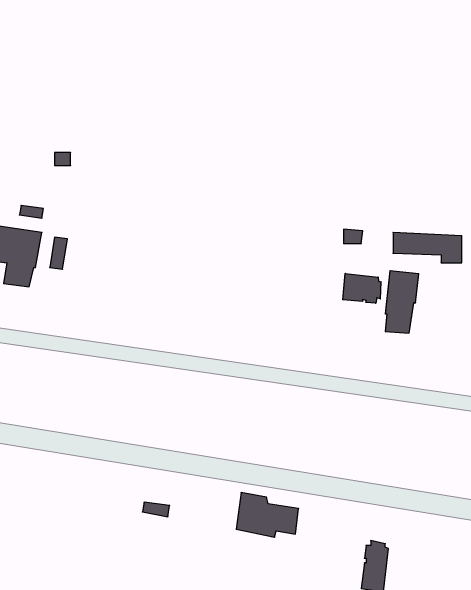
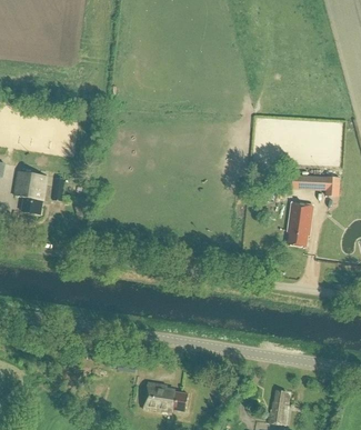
building: [343,273,381,303] -> none
building: [236,493,299,537] -> [144,381,188,412]

